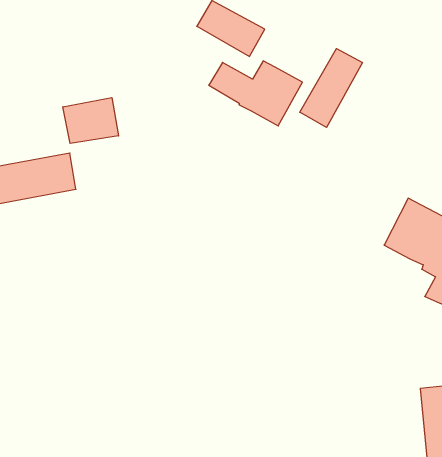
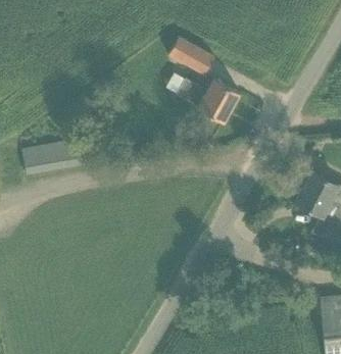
building: [300,49,362,127] -> none
building: [63,98,119,143] -> none

